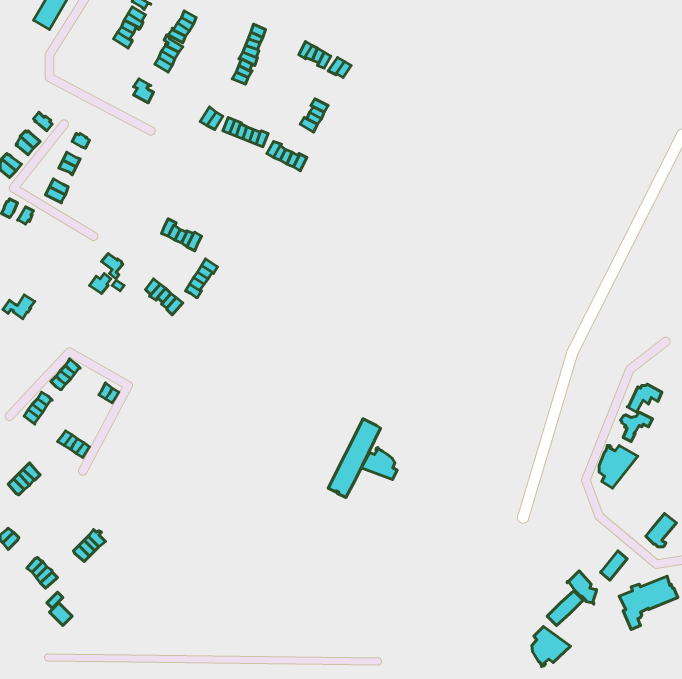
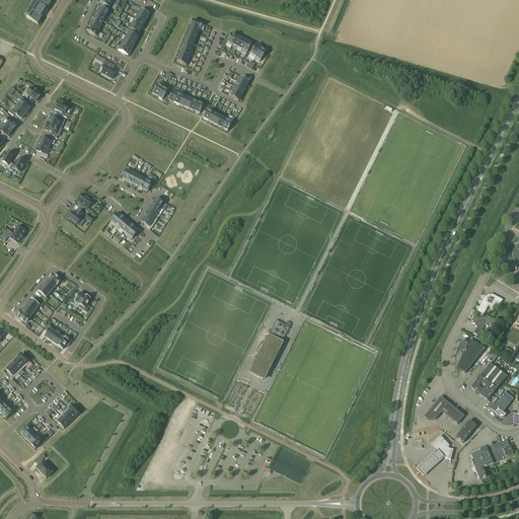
building: [361,448,397,479] -> none
building: none -> [471,362,507,399]
building: none -> [424,395,464,423]
building: [532,626,570,667] -> none

